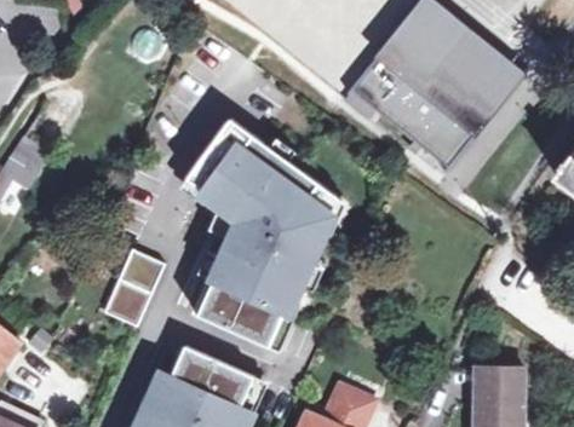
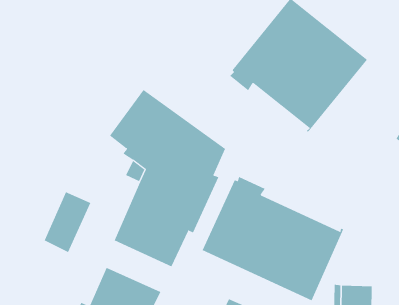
building: none -> [202,176,344,301]

